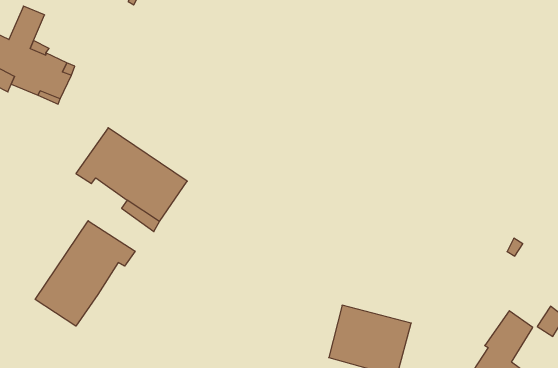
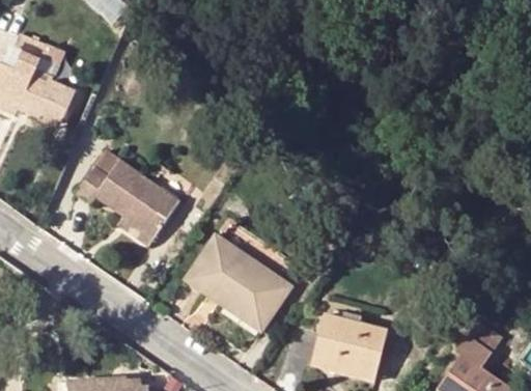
building: [35,221,135,326] -> none
building: none -> [189,238,286,326]

